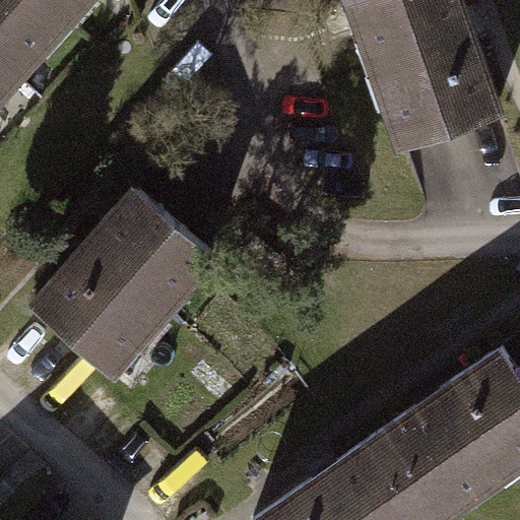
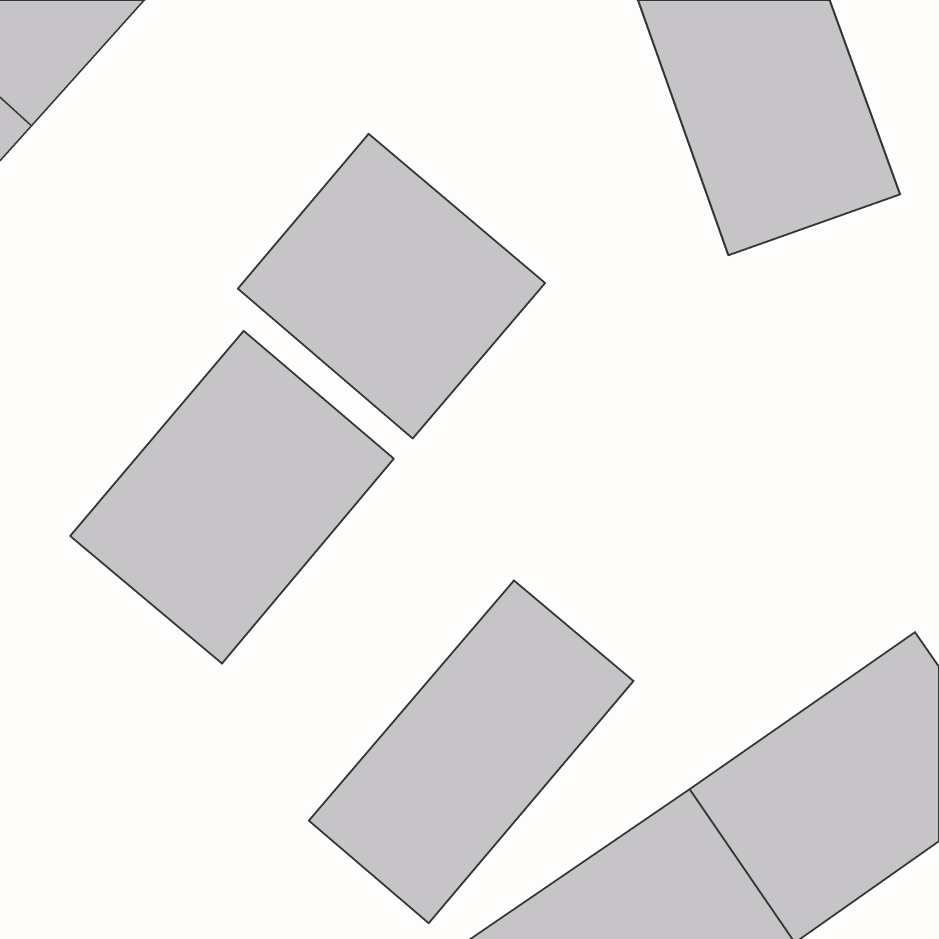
building: none -> [238,134,545,438]
building: none -> [309,580,634,923]

